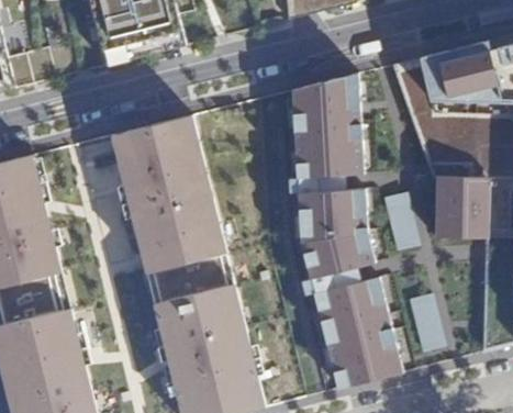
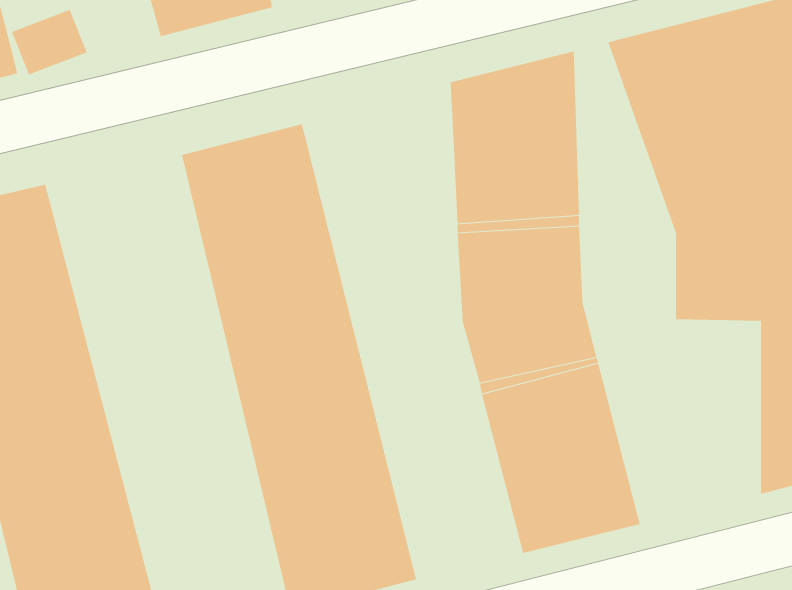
building: [383,190,421,252] -> none
building: [408,292,447,351] -> none

